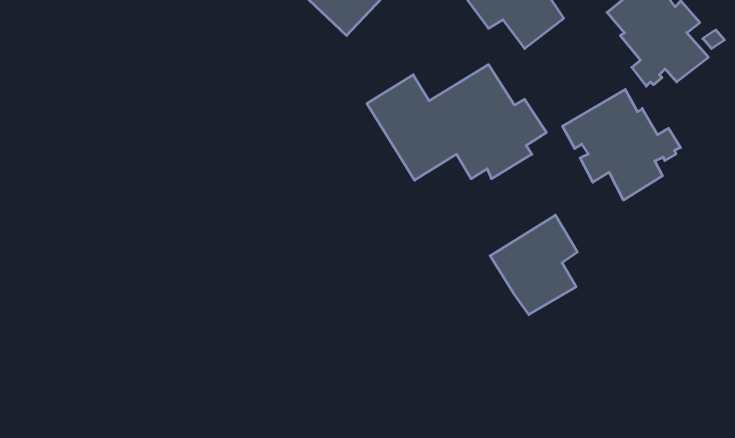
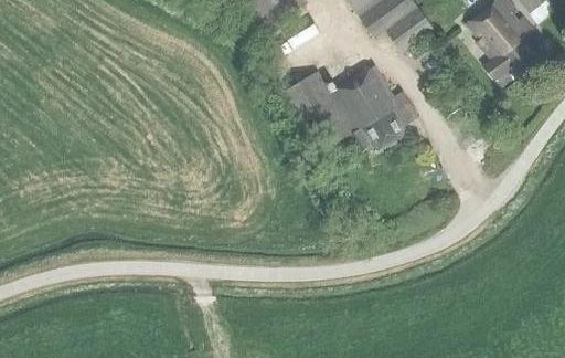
building: [563,89,681,200] -> none
building: [490,215,577,315] -> none

